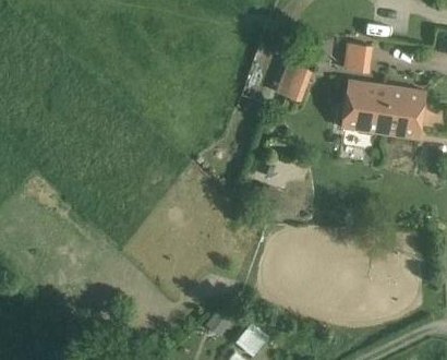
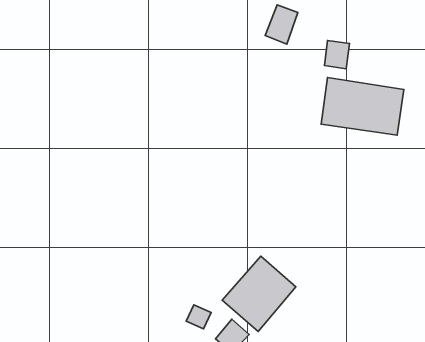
building: [277,61,310,100] -> [265,5,298,44]
building: none -> [222,256,296,331]

